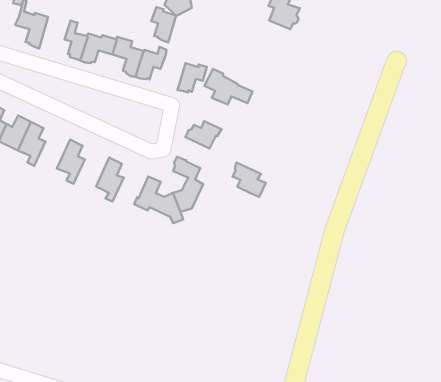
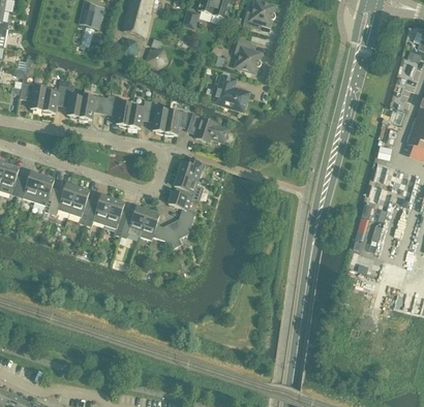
building: [151,7,176,43] -> [148,104,169,133]
building: none -> [42,84,66,112]
building: none -> [214,74,248,109]
building: none -> [50,182,78,214]
building: none -> [85,194,113,225]
building: [233,163,266,197] -> [174,173,203,199]
building: none -> [120,206,148,237]

